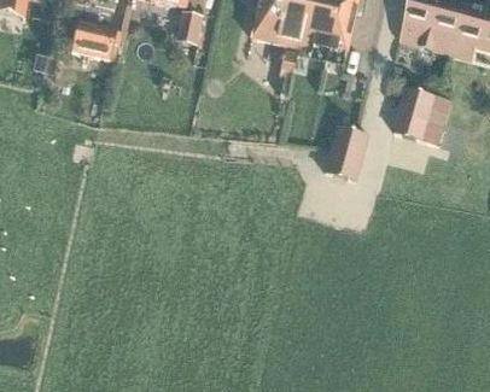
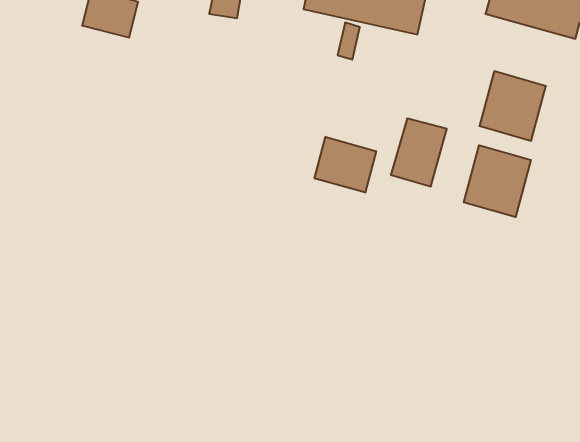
building: none -> [315,137,376,193]
building: none -> [464,145,531,217]

